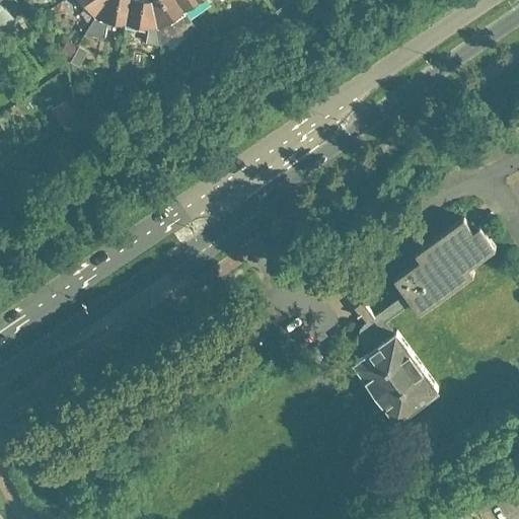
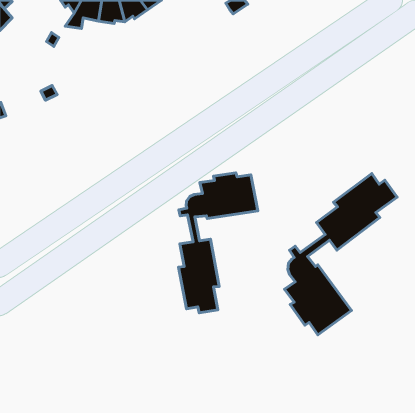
building: none -> [178,173,258,313]

